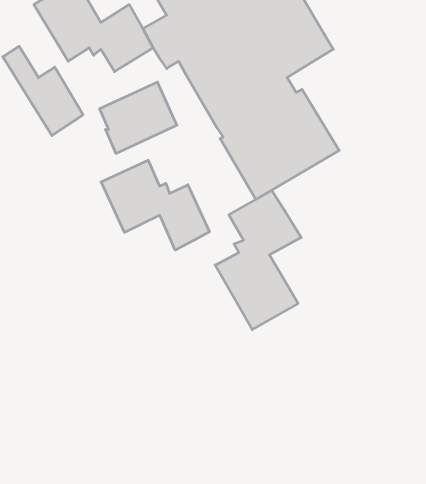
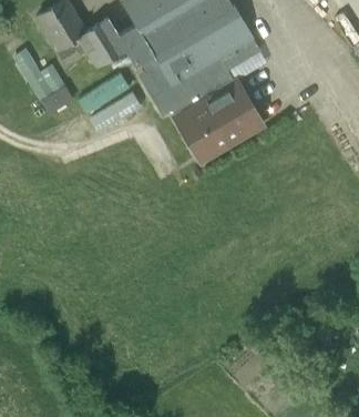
building: [101,160,209,250] -> none
building: [215,191,301,330] -> none

